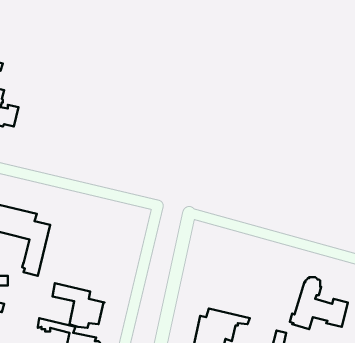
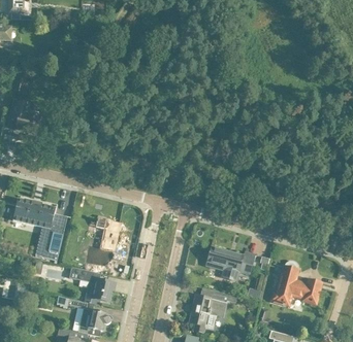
building: none -> [93,215,120,265]
building: none -> [205,245,254,280]

